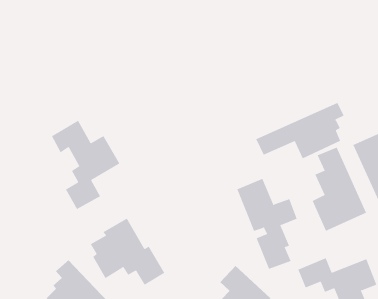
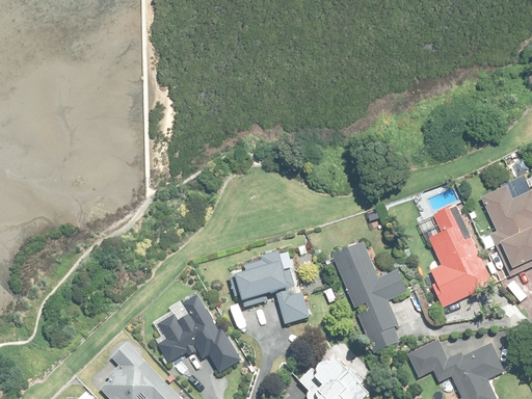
building: [255,102,344,159] -> none
building: [51,120,120,210] -> none
building: none -> [235,248,310,324]

